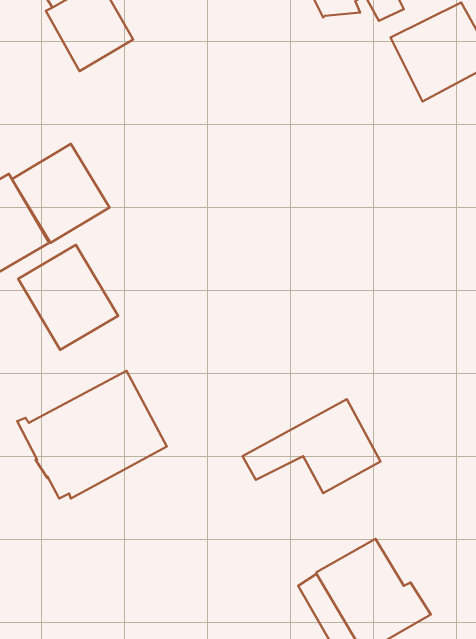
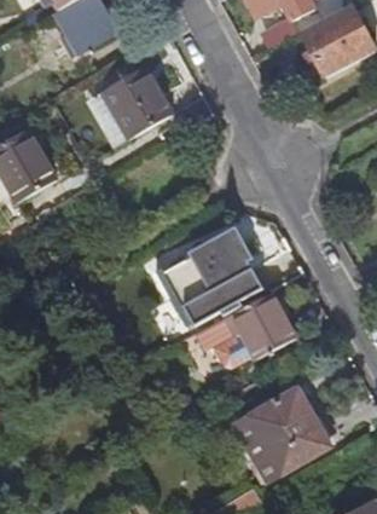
building: [12,144,109,243] -> [102,67,172,138]
building: [18,245,118,350] -> none
building: [17,371,167,499] -> [153,233,261,325]

